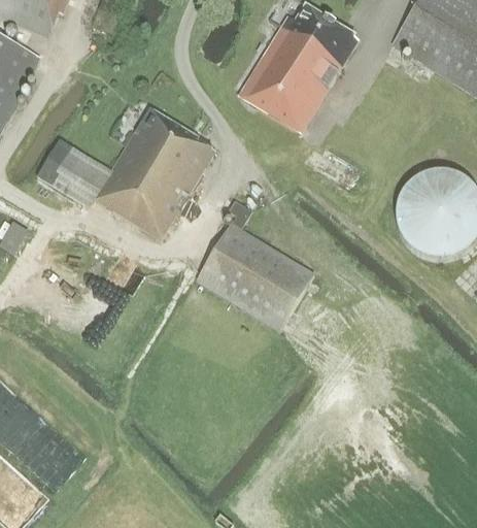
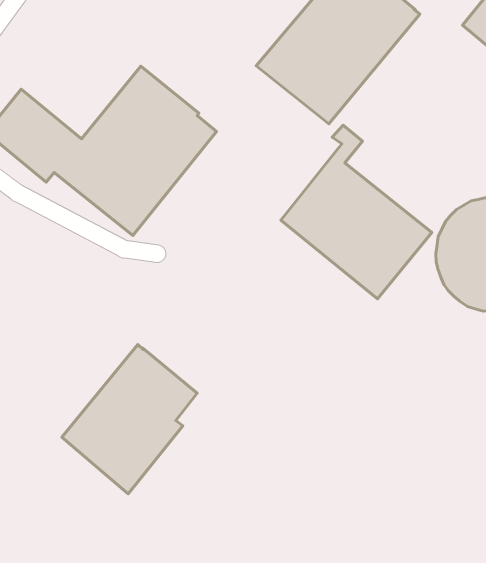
building: [197,199,314,329] -> [281,125,432,299]
building: none -> [62,345,197,494]

